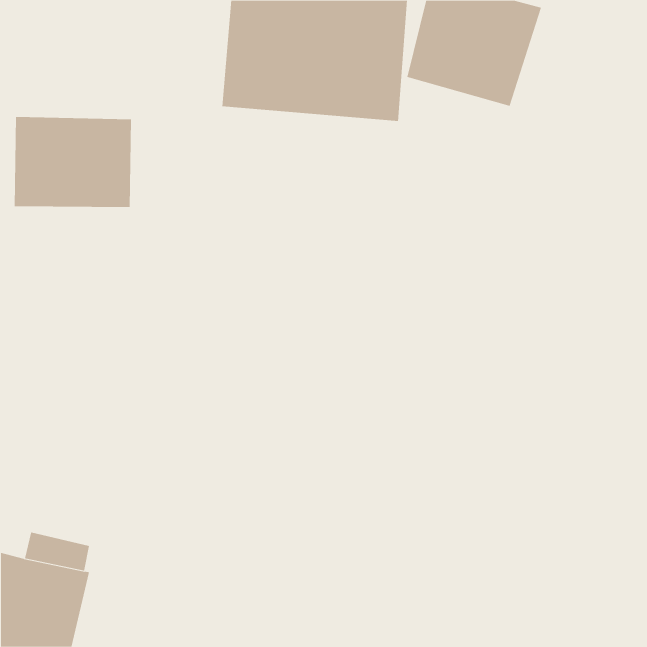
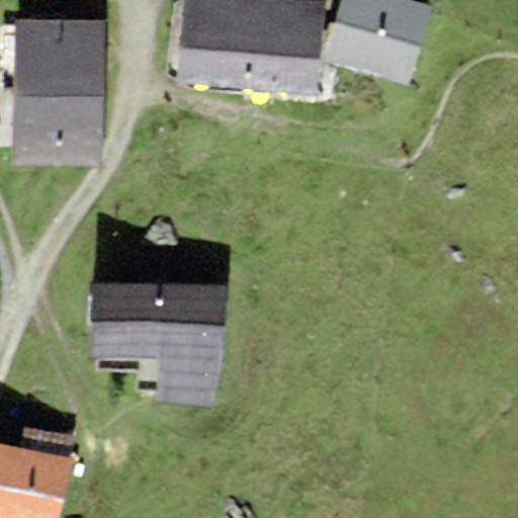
building: none -> [12,18,106,95]
building: none -> [89,281,226,408]

